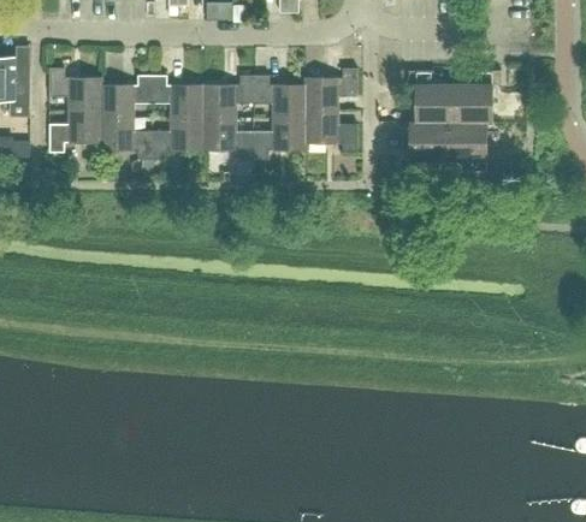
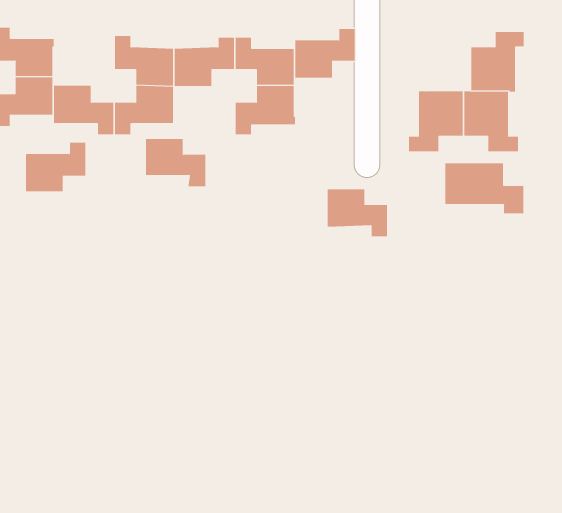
building: [407,71,454,121] -> none
building: [100,75,152,117] -> [25,142,86,192]
building: [304,111,356,152] -> [327,189,388,237]
building: [202,118,254,159] -> [145,139,206,187]
building: none -> [445,163,524,214]

